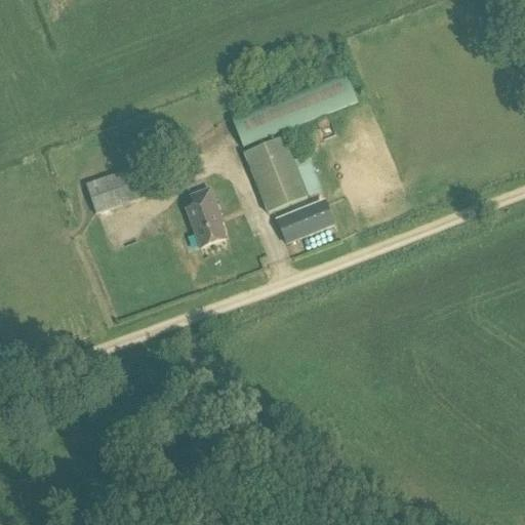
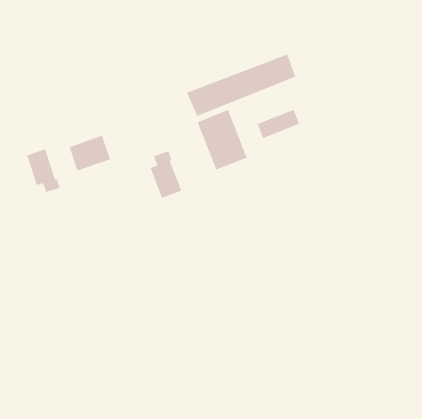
building: none -> [26,148,60,193]
building: [277,201,330,238] -> [257,109,300,139]

